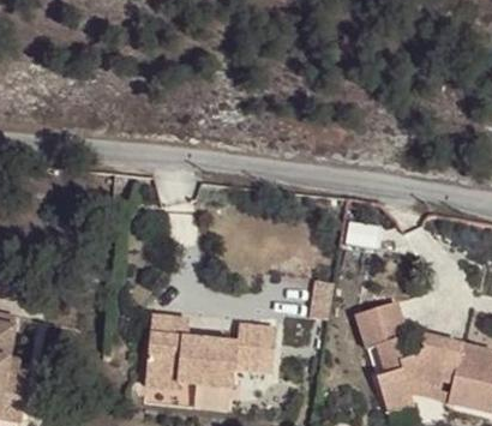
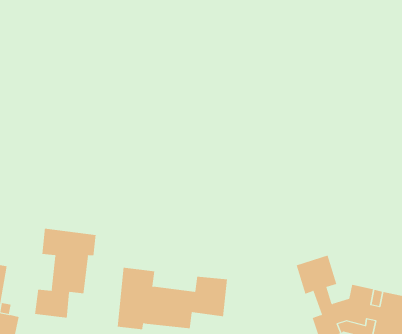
building: none -> [35,228,96,318]

